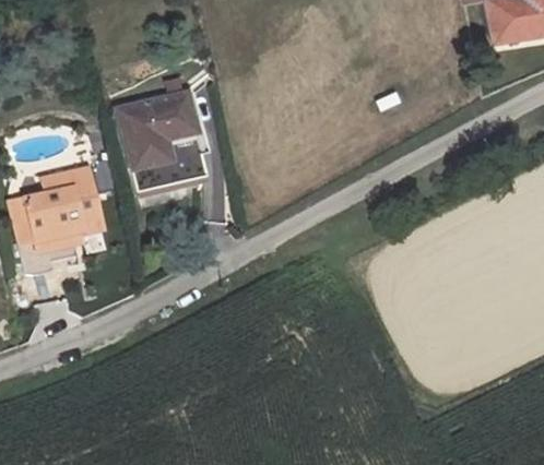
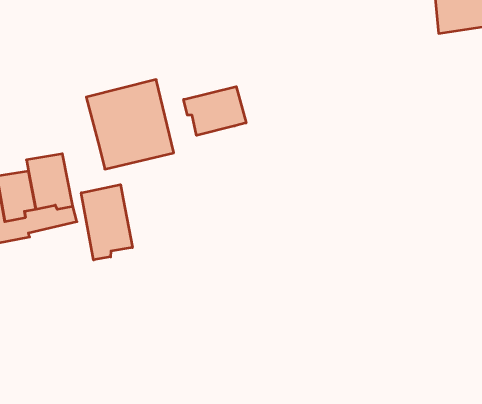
building: none -> [184,87,246,135]
building: none -> [81,185,132,260]

